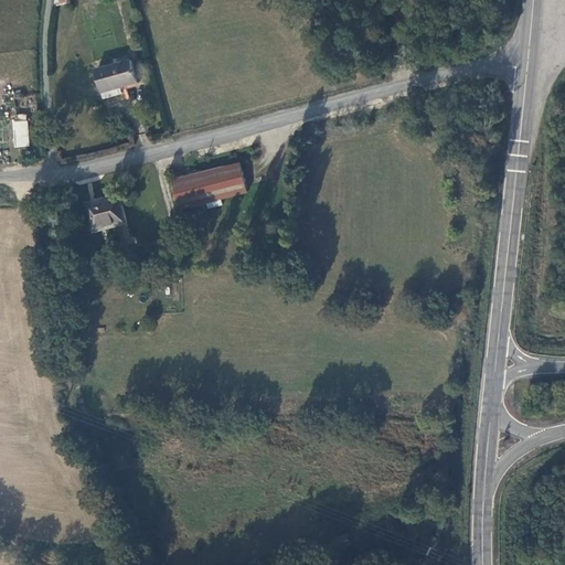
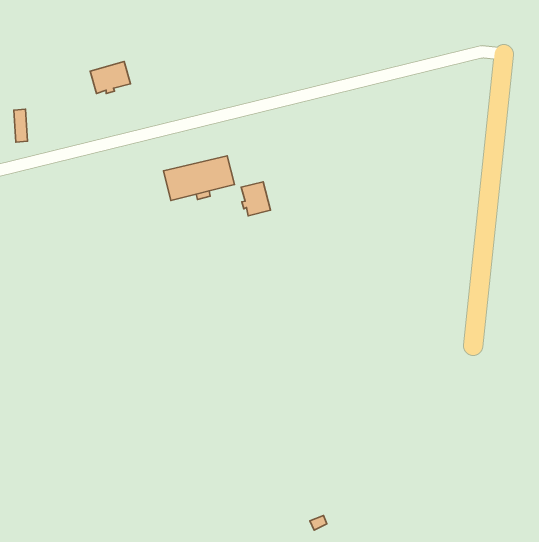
building: none -> [241,182,270,216]
building: [84,192,124,226] -> none

